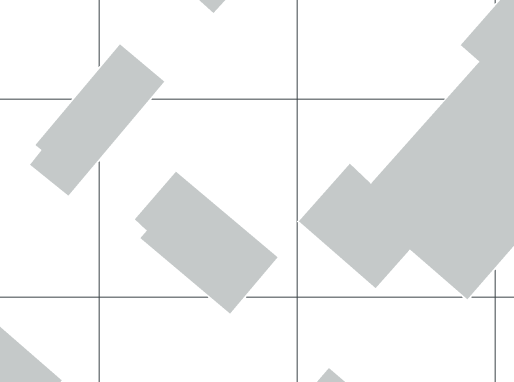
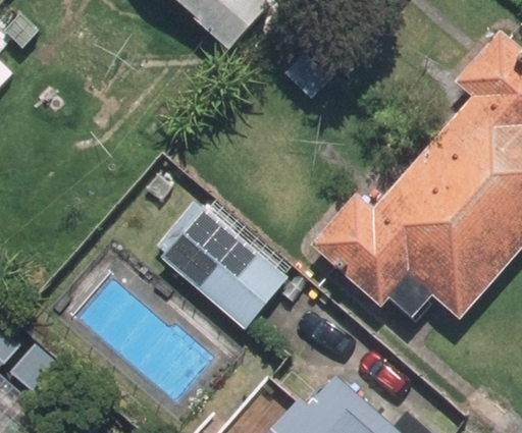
building: [29,43,166,197] -> none

